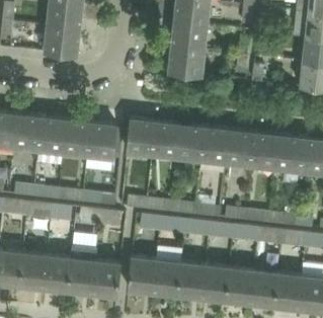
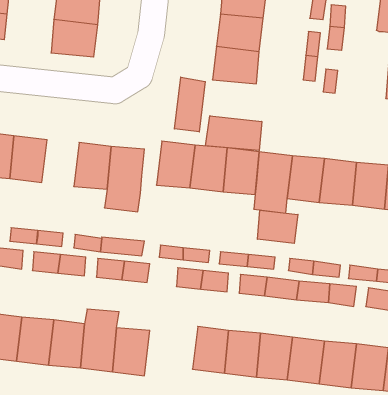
building: none -> [174,77,205,132]
building: none -> [205,116,262,151]
building: [38,117,67,153] -> none
building: none -> [257,210,298,243]
building: [129,256,157,292] -> none

